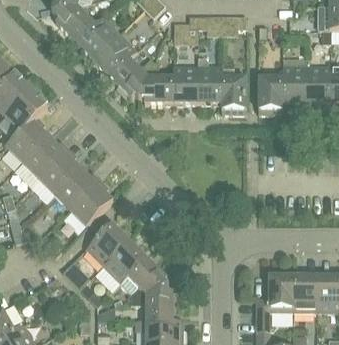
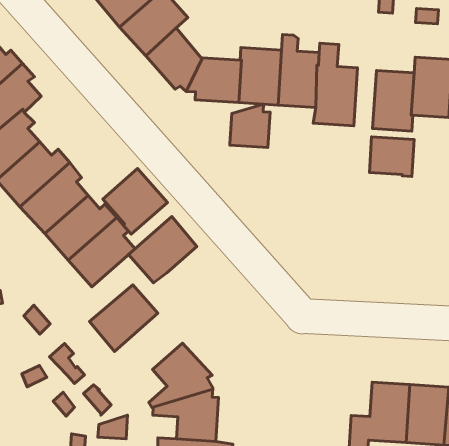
building: none -> [230,104,270,147]
building: none -> [369,137,414,177]
building: none -> [103,169,167,234]
building: [104,239,147,282] -> [129,216,197,283]

